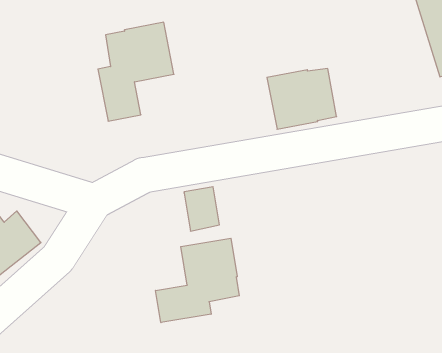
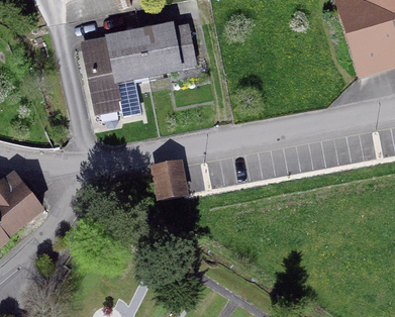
building: [267,69,337,129] -> [139,25,195,74]
building: [156,238,239,323] -> none

